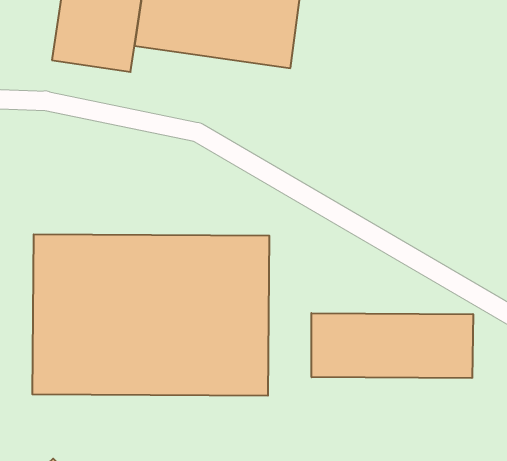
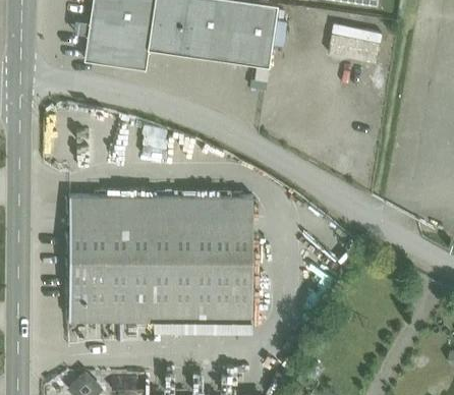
building: [311,313,473,378] -> none

